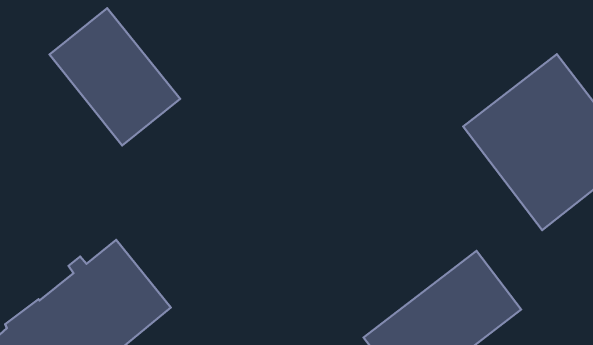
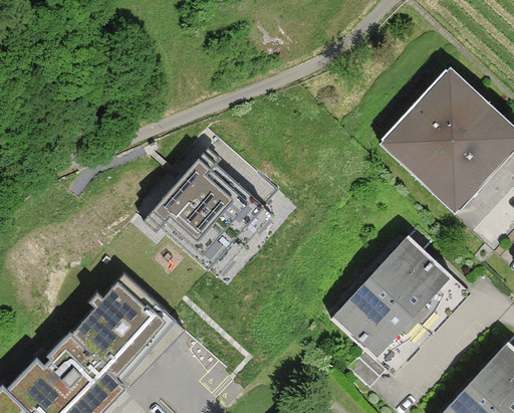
building: [49,8,180,145] -> none
building: none -> [143,149,264,270]

